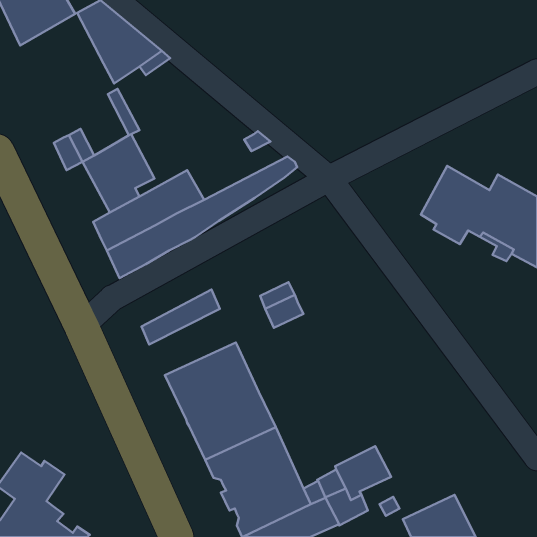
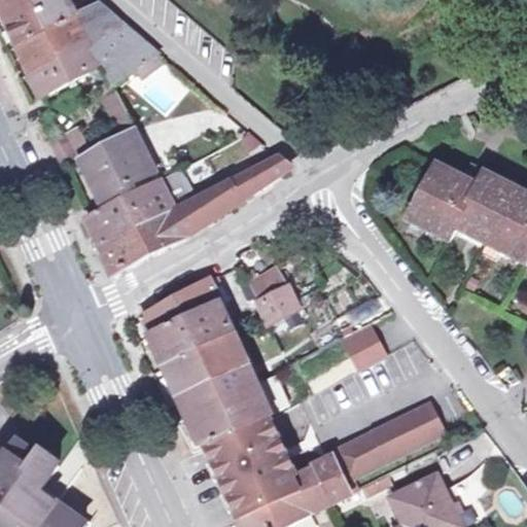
building: none -> [20,12,101,95]
building: none -> [145,301,230,365]
building: none -> [340,329,383,374]
building: none -> [365,406,440,464]

